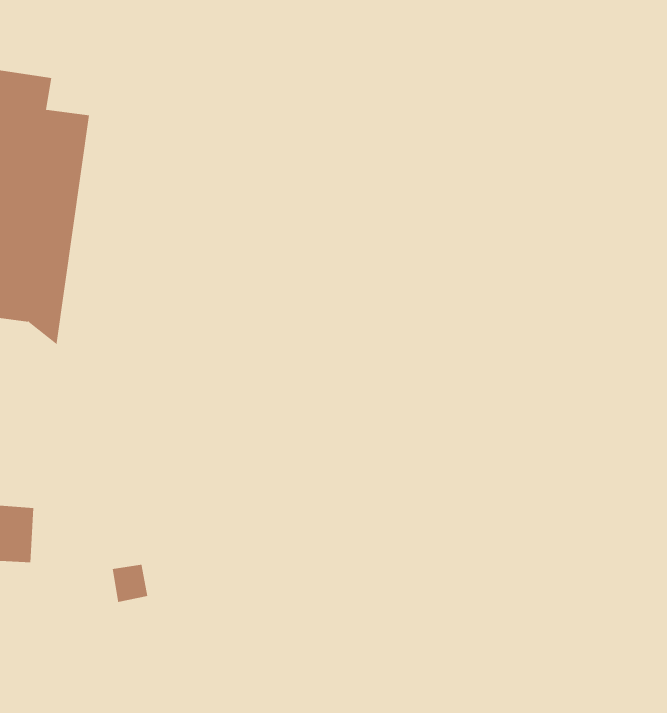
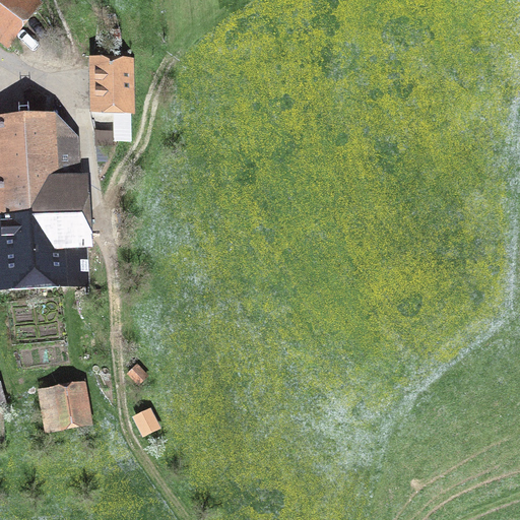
building: none -> [94,61,128,105]

